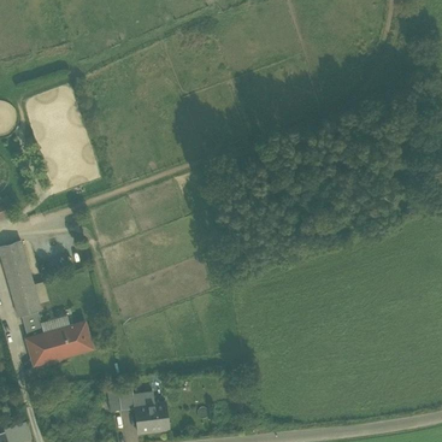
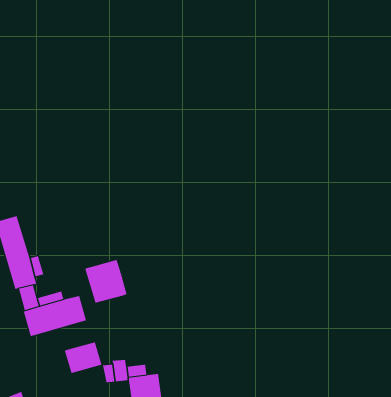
building: none -> [85,259,127,303]
building: none -> [64,341,102,374]

